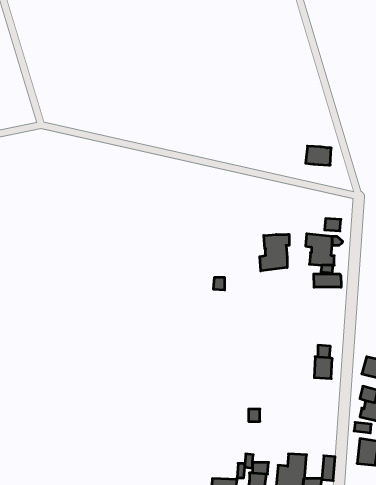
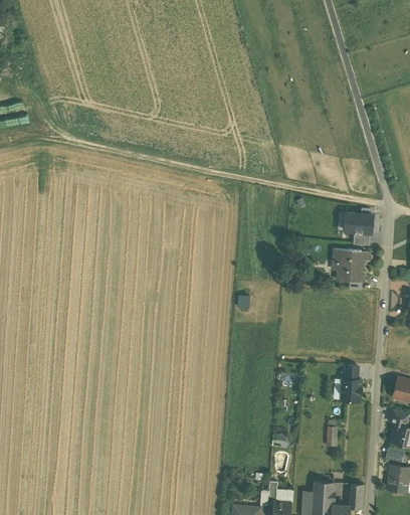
building: [306,146,331,165] -> [346,212,373,232]
building: [260,234,289,271] -> none
building: [314,274,341,287] -> none

